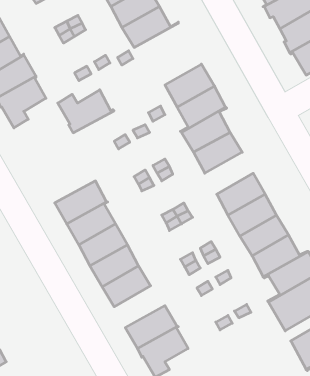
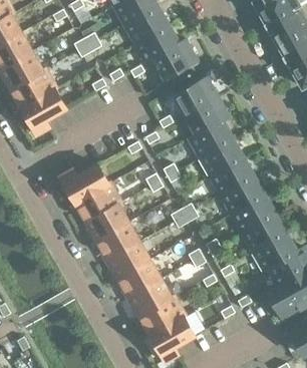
building: none -> [145,39,197,77]
building: [58,90,114,133] -> [59,163,110,203]
building: none -> [210,156,254,195]
building: none -> [127,278,174,316]

